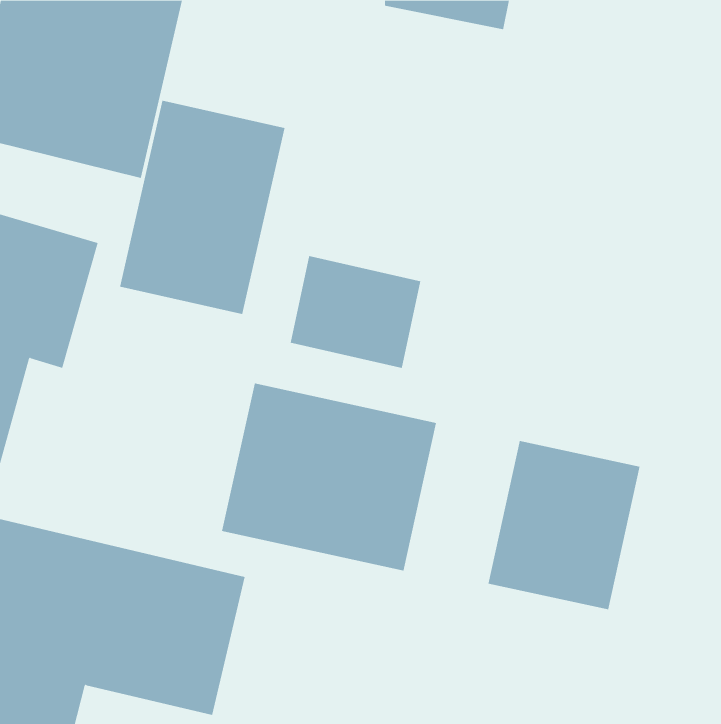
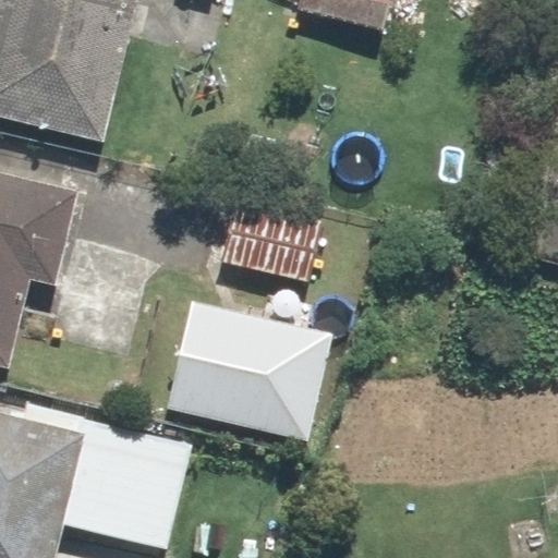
building: [120,100,285,315] -> none
building: [488,440,640,610] -> none

